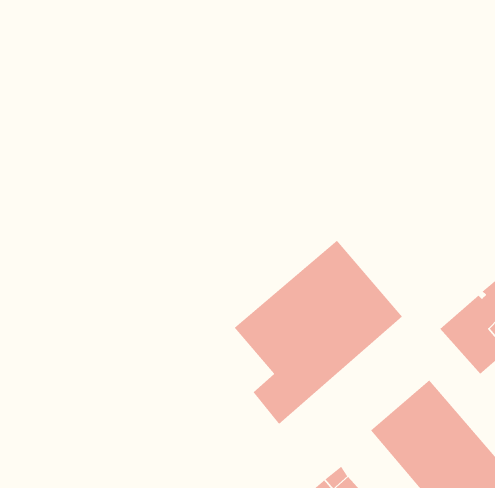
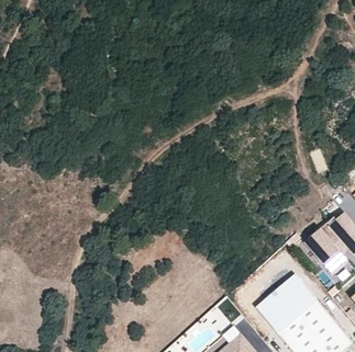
building: [234,240,403,425] -> none

